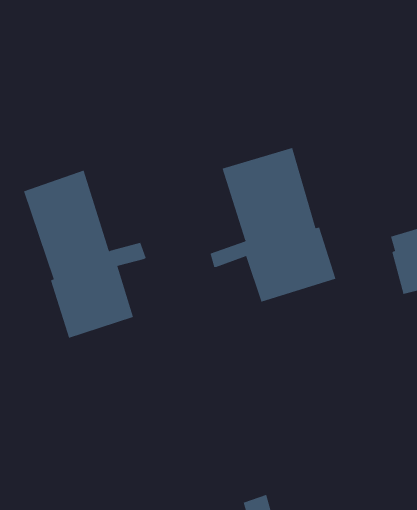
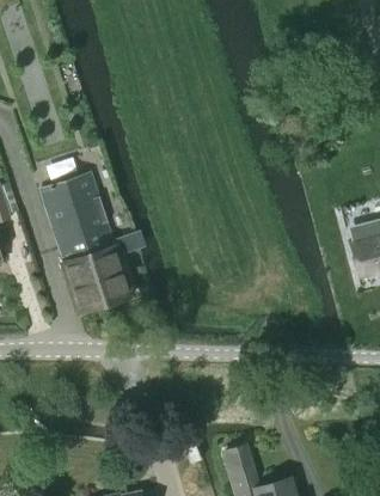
building: [210,147,336,303] -> none

